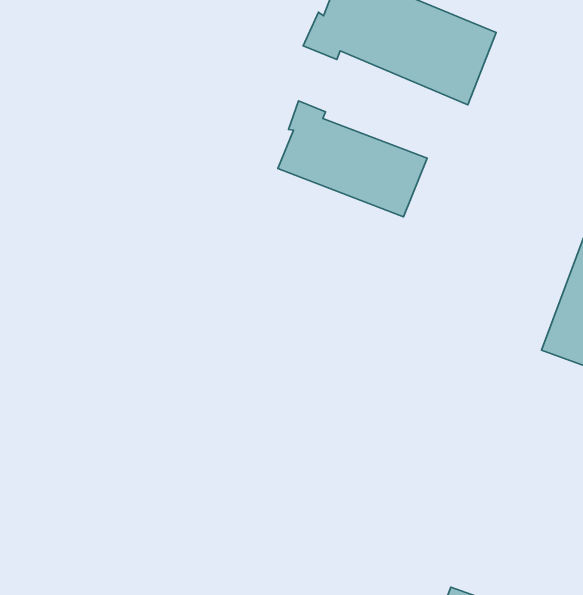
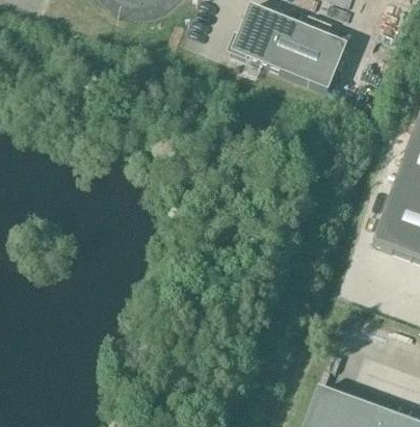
building: [278,101,427,217] -> none

